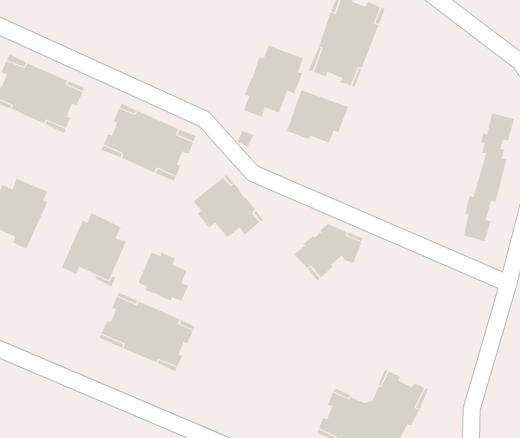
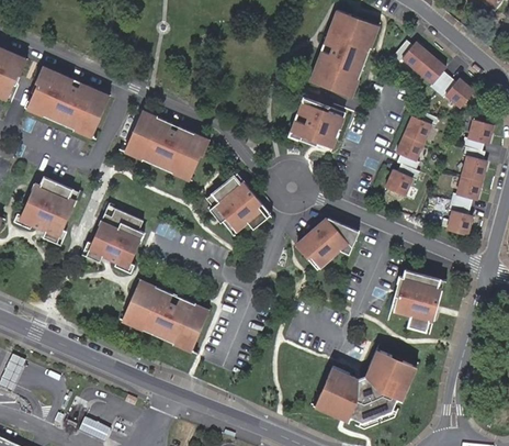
building: none -> [392,40,473,107]
building: [244,45,304,118] -> none
building: none -> [384,110,438,196]
building: [138,252,189,302] -> none
building: none -> [394,269,441,330]

